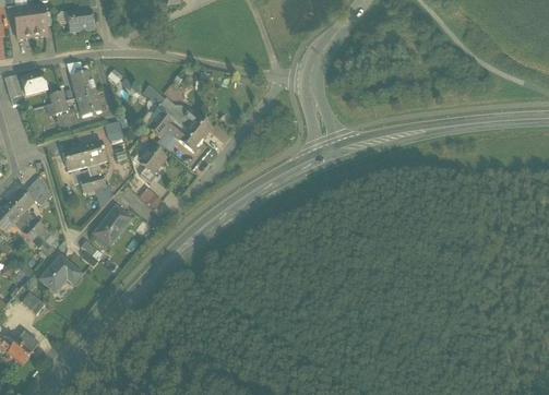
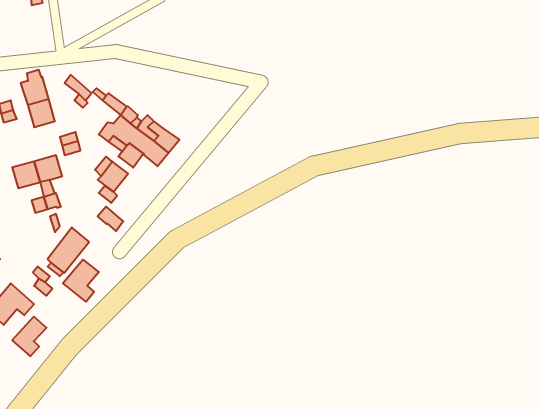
building: [68,10,93,32] -> none
building: none -> [63,260,99,302]
building: none -> [12,317,47,356]

